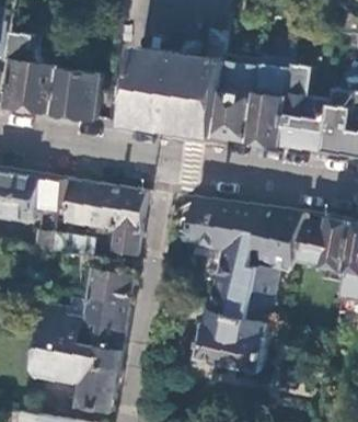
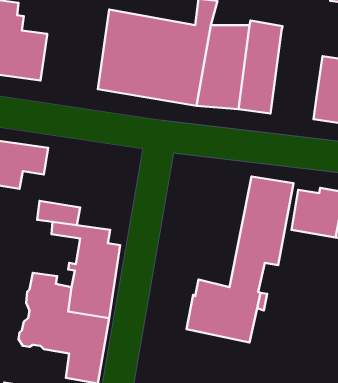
building: [279,62,325,150] -> none
building: [51,67,101,118] -> none
building: [63,180,145,252] -> none
building: [186,197,261,317] -> none

